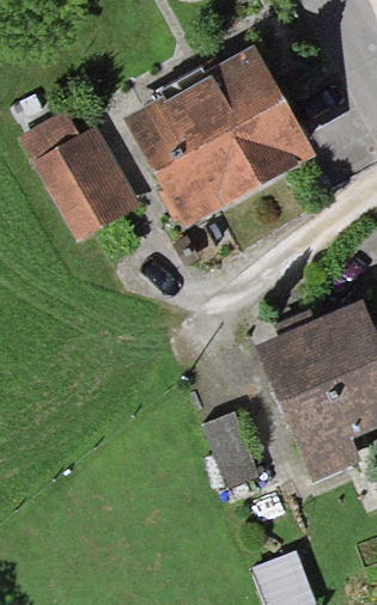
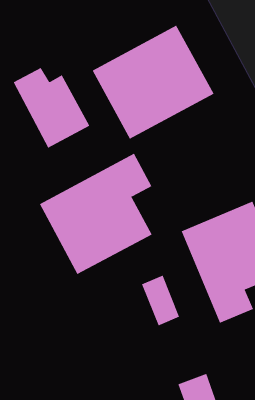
building: none -> [39,153,153,275]

